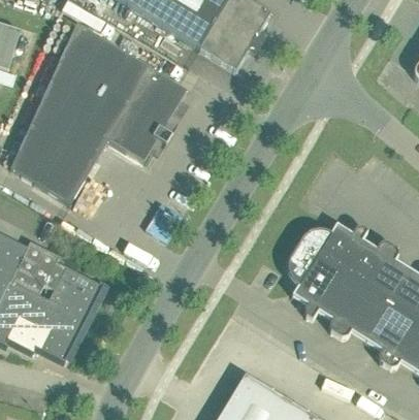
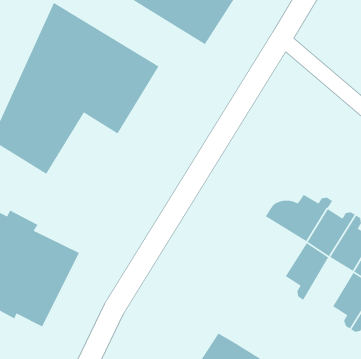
building: [286,247,339,319] -> none
building: [335,289,387,341] -> none

